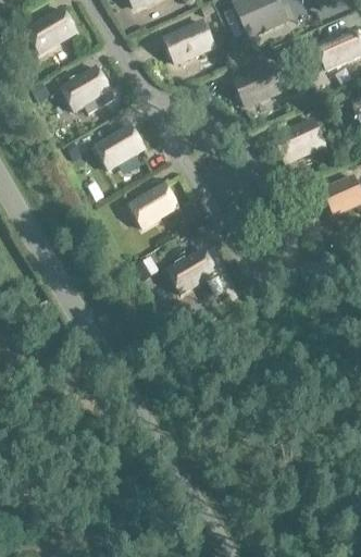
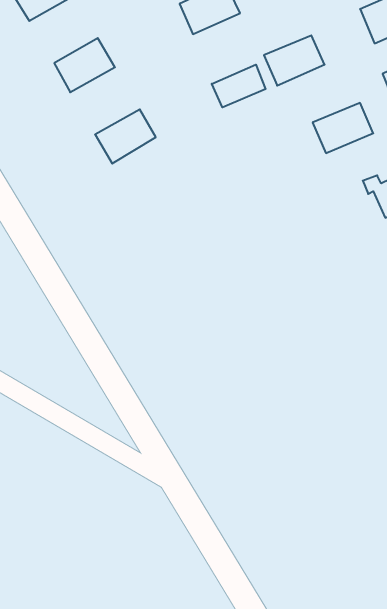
building: none -> [212,65,266,107]
building: [129,183,179,227] -> none
building: [169,249,219,294] -> none

